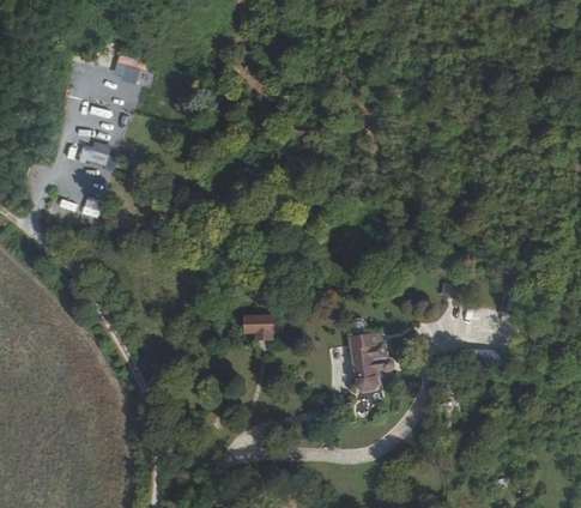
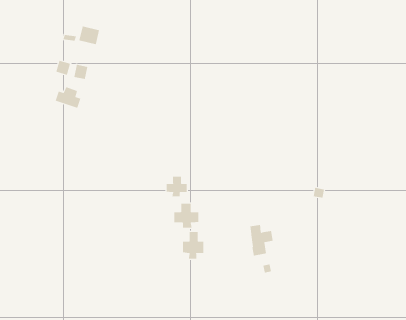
building: none -> [166,176,187,197]
building: none -> [183,231,204,260]

